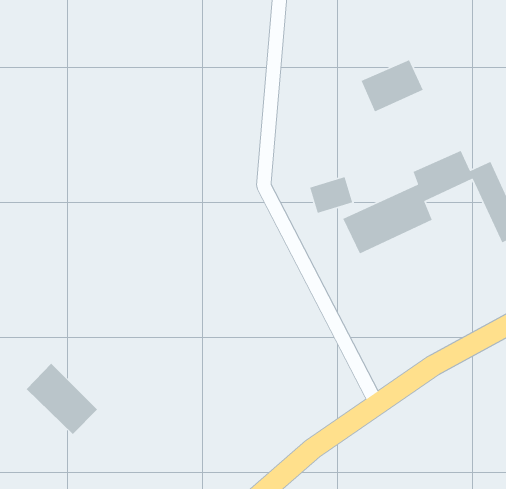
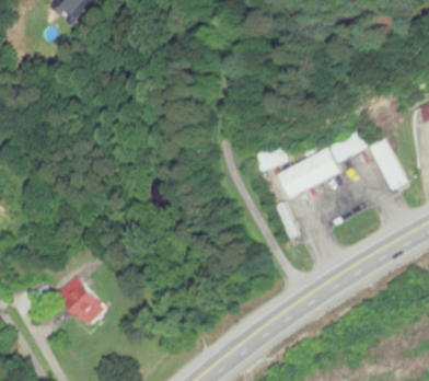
building: [361,59,424,113] -> none

